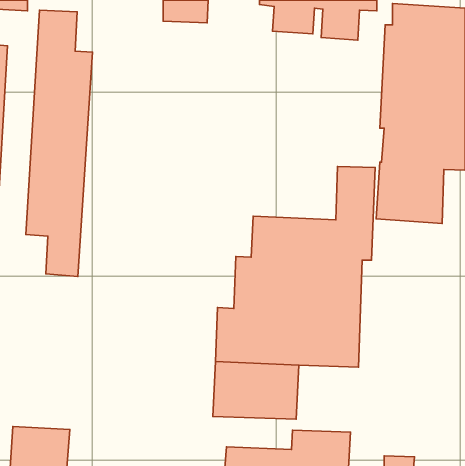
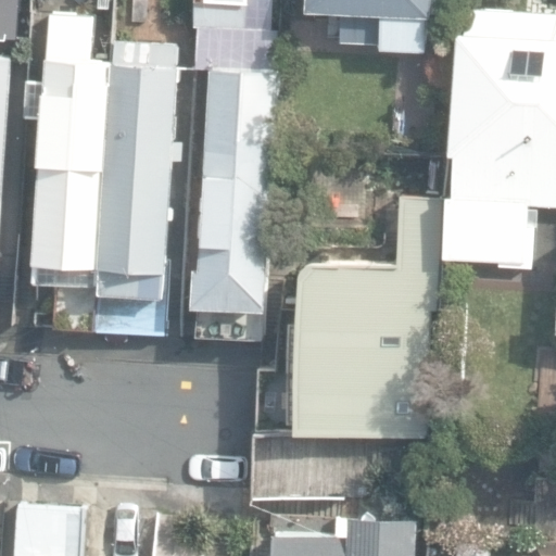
building: none -> [92,41,177,333]
building: none -> [189,70,276,339]

